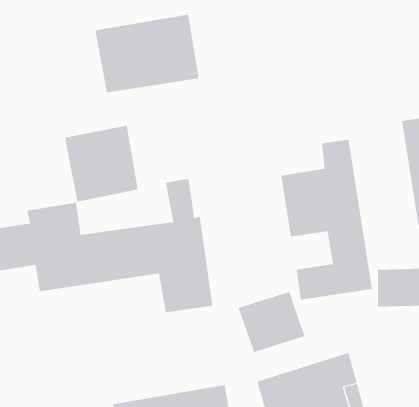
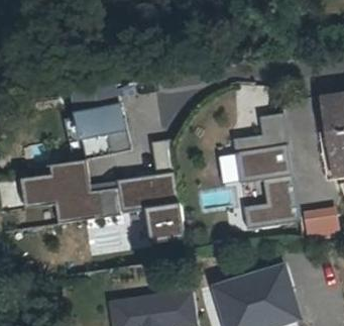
building: [95,14,199,93] -> none
building: [238,291,305,353] -> none

